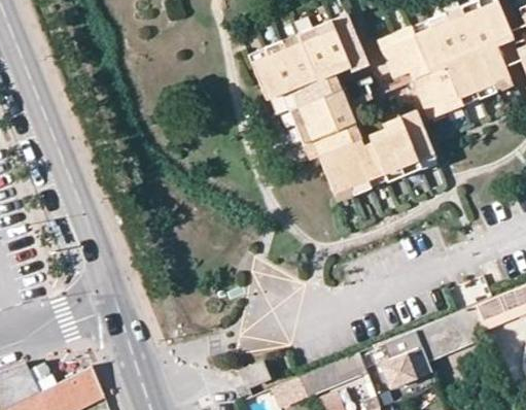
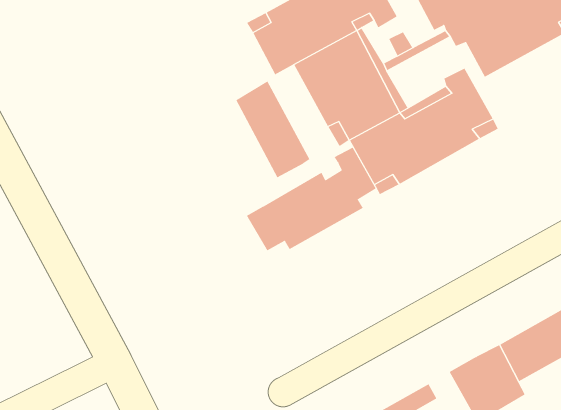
building: none -> [235,81,310,178]
building: none -> [246,147,376,251]

